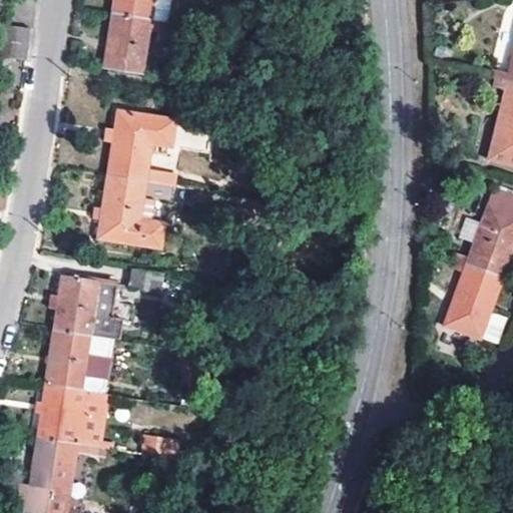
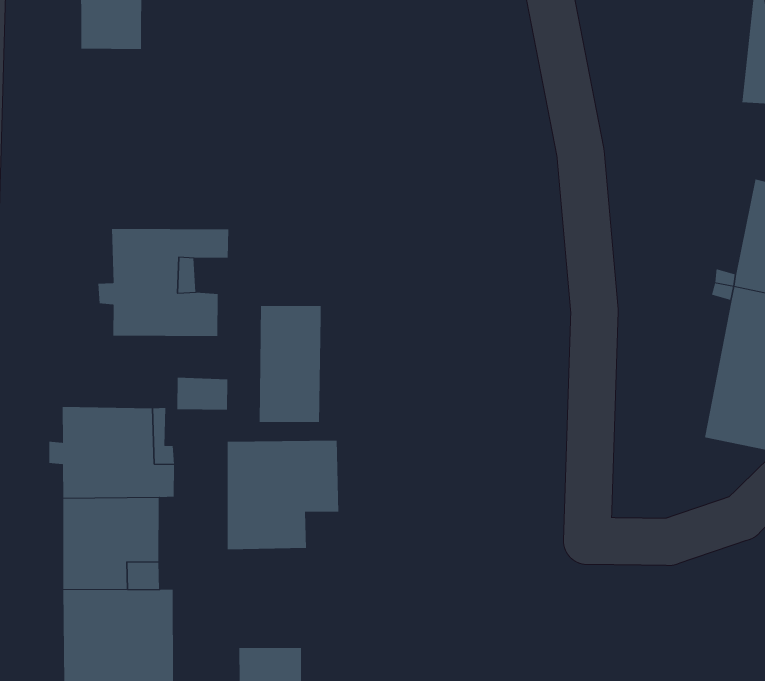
building: [103,110,213,184] -> none
building: none -> [259,305,321,423]
building: none -> [227,440,339,550]

